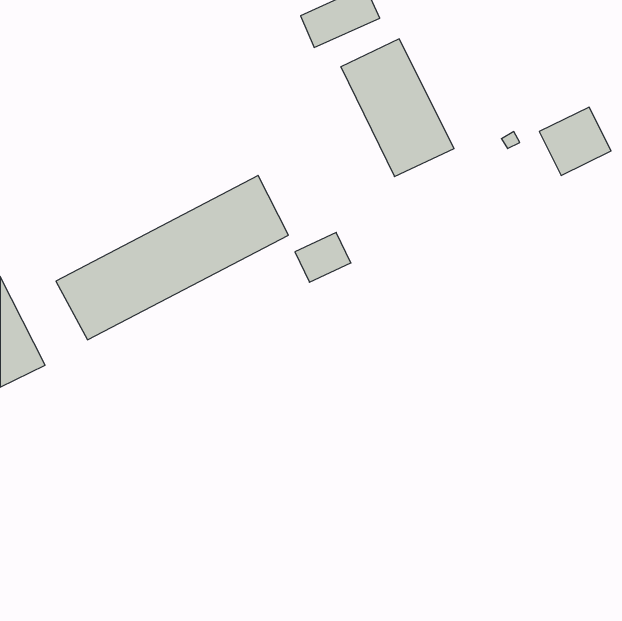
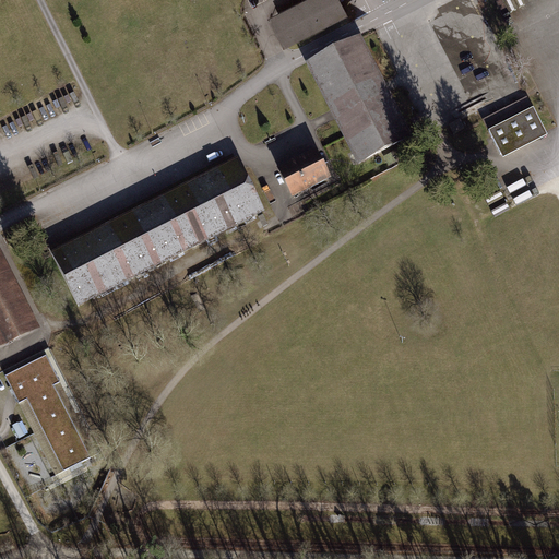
building: [295,232,351,282] -> [278,147,329,192]
building: none -> [7,356,96,473]

